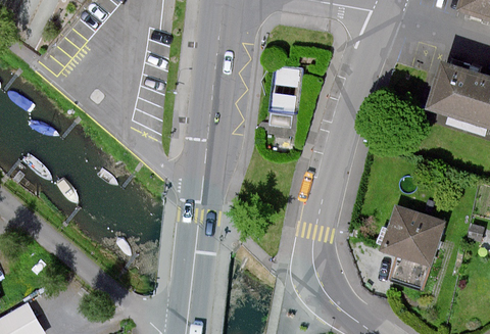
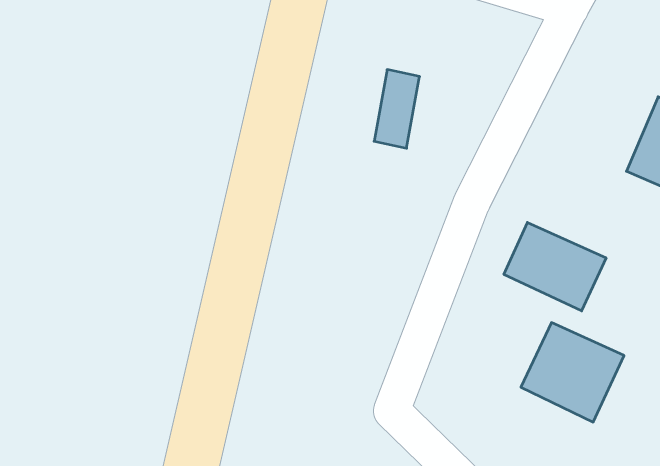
building: none -> [504,222,606,311]

